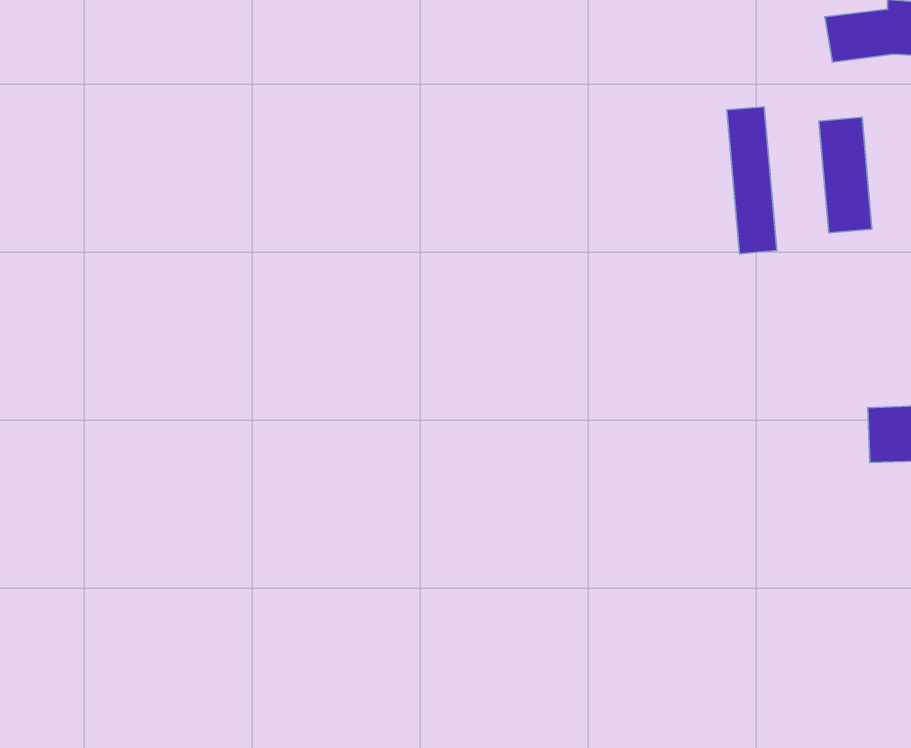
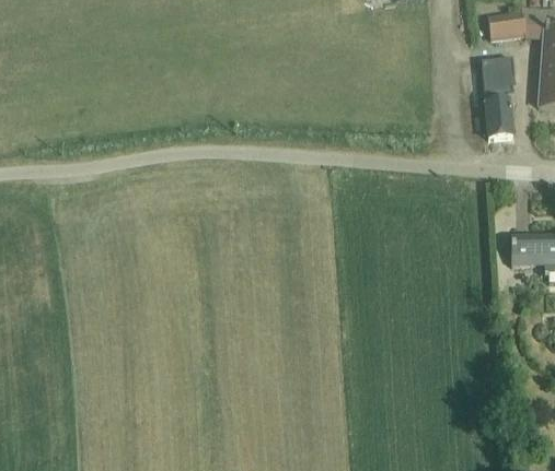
building: [727,107,777,254] -> none

